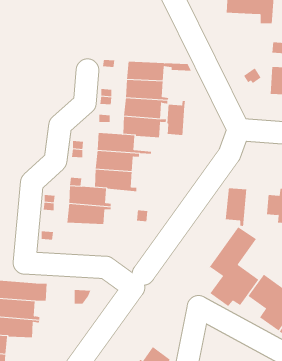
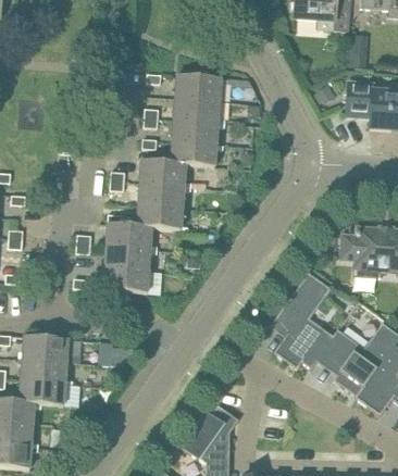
building: [167,100,186,136] -> none
building: [225,187,247,227] -> none
building: none -> [102,267,153,292]

